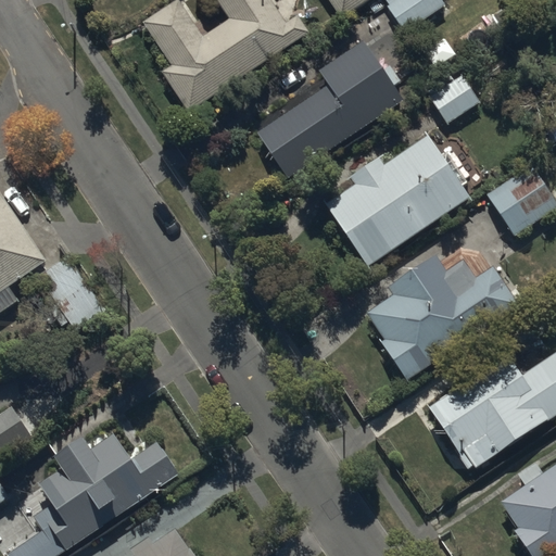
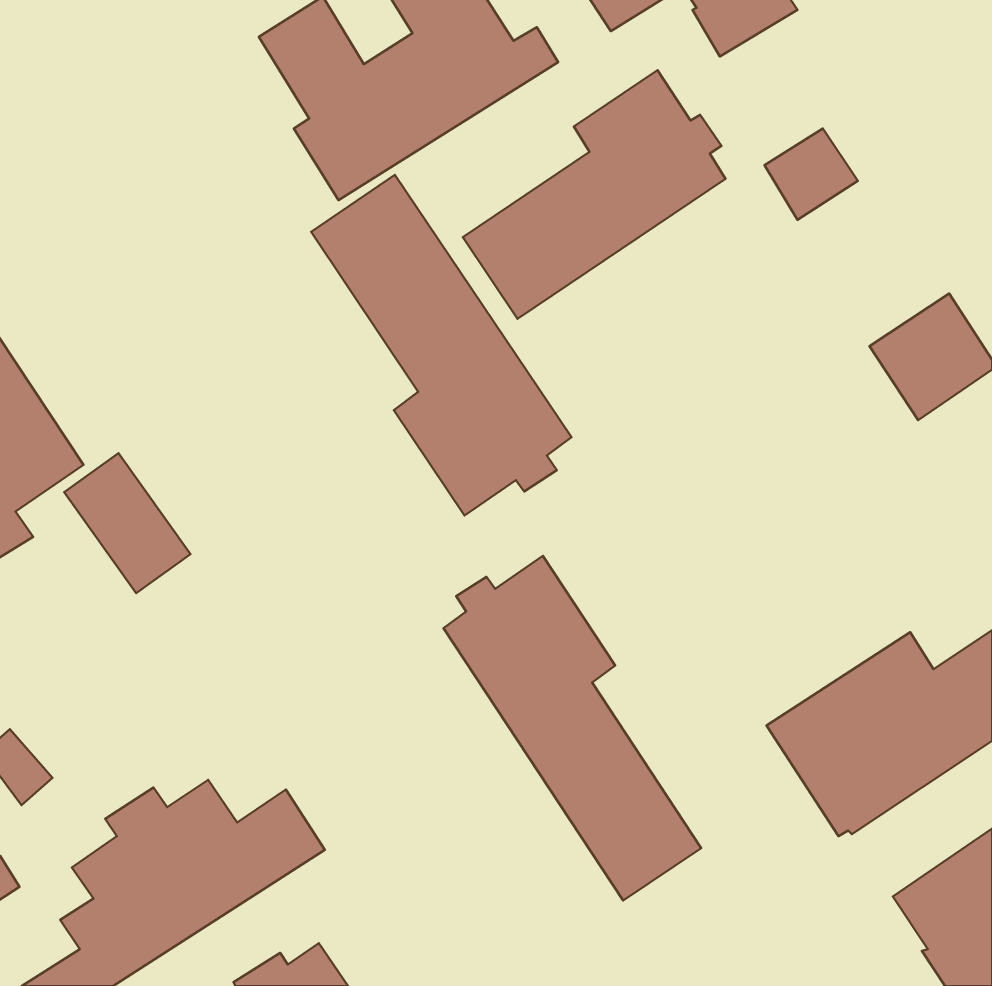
building: none -> [311,175,571,516]
building: [325,136,469,266] -> none
building: [367,254,518,379] -> none
building: none -> [443,556,701,900]

